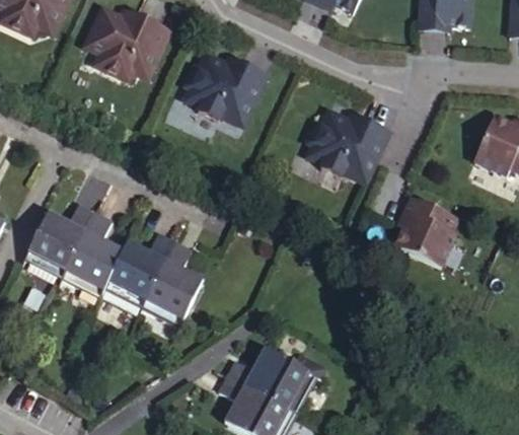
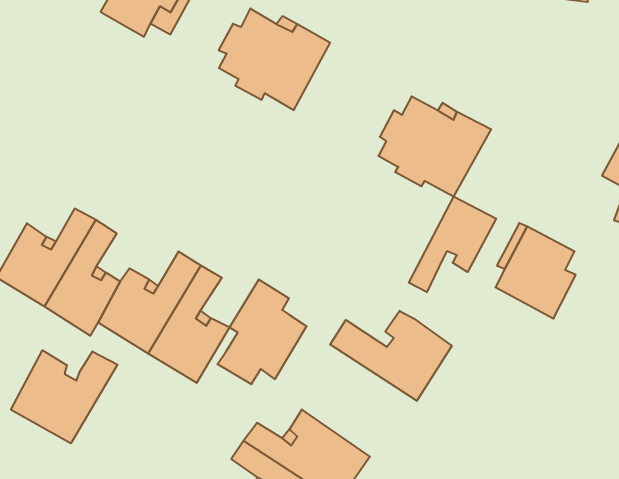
building: none -> [409,197,496,292]
building: none -> [217,279,307,384]
building: none -> [330,311,452,401]
building: none -> [11,350,117,443]

